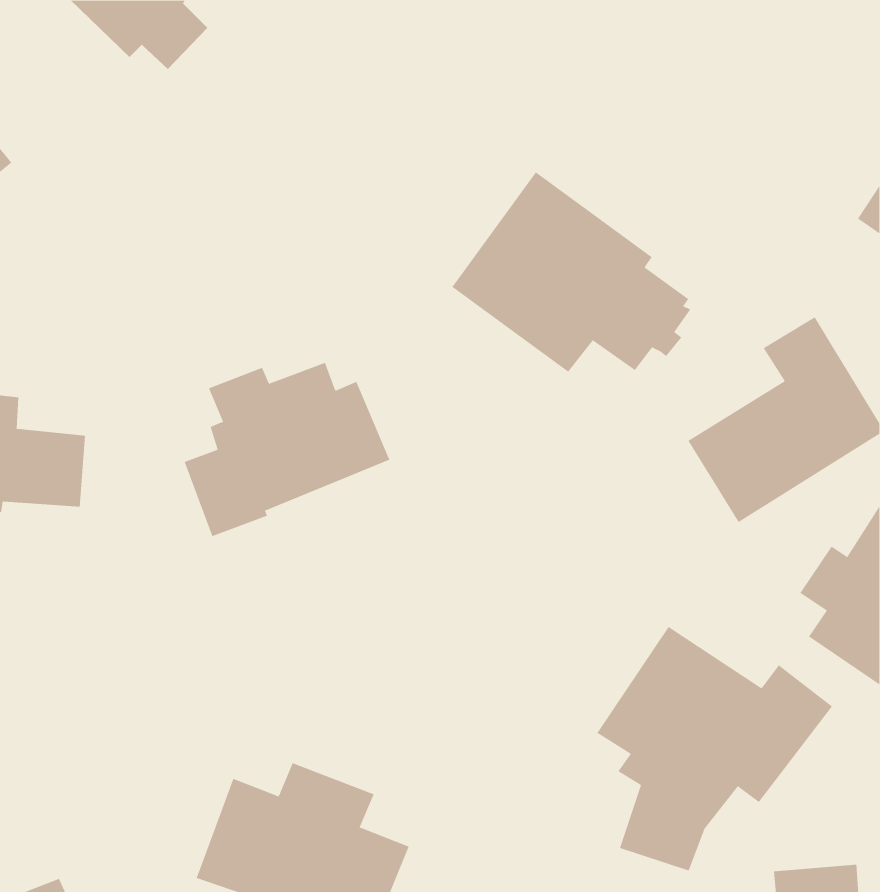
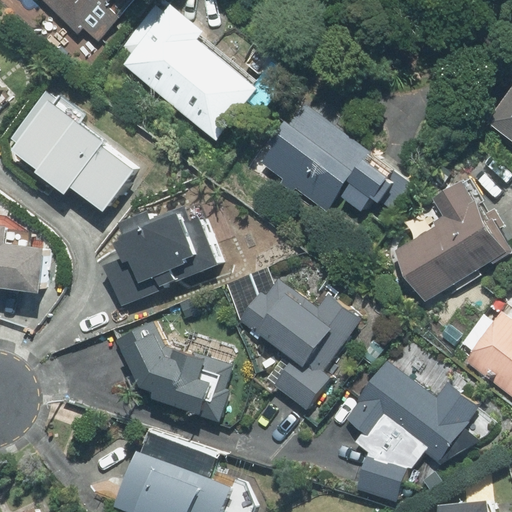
building: none -> [124,5,260,142]
building: none -> [9,91,141,213]
building: none -> [237,281,362,413]
building: none -> [114,322,214,414]

